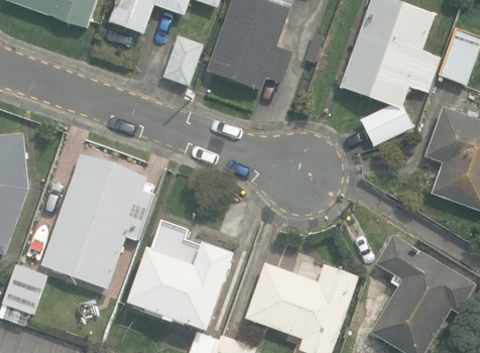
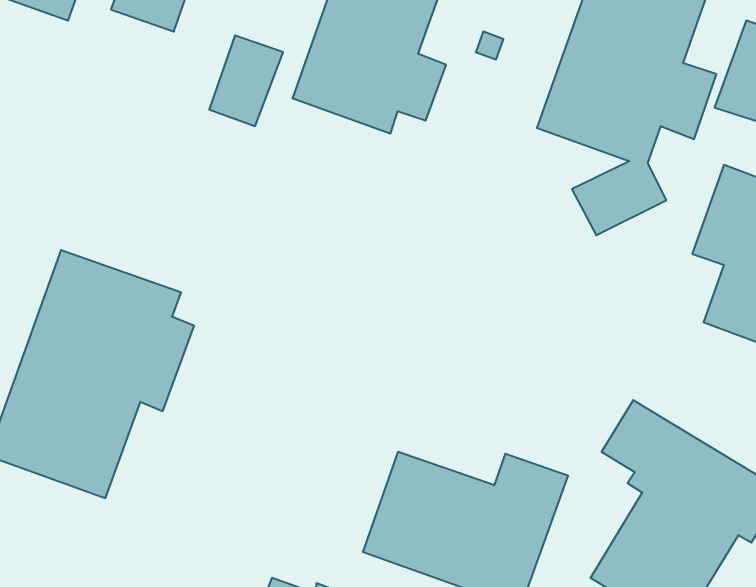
building: [130,220,235,331] -> none

